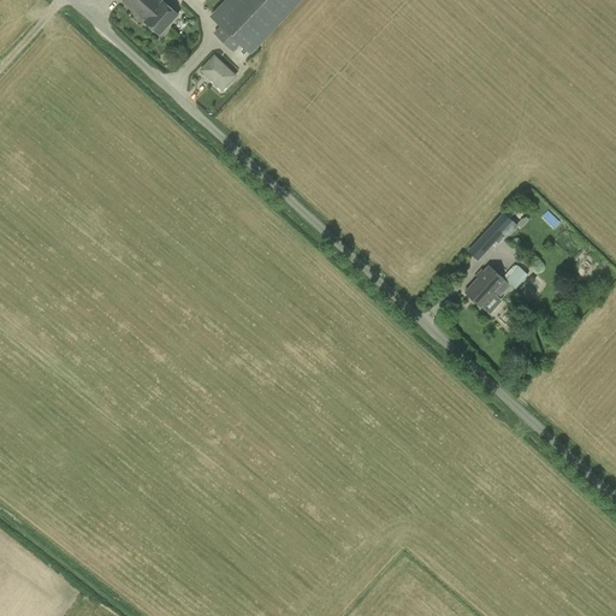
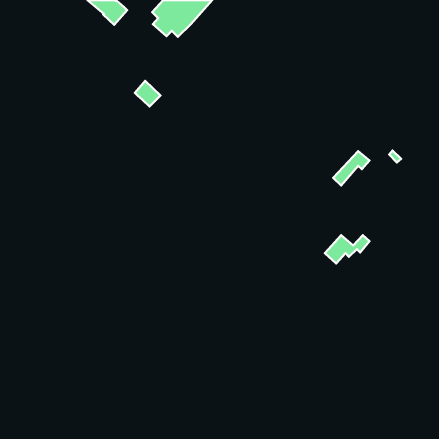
building: [200,55,236,91] -> [135,81,161,107]
building: [466,266,528,306] -> [325,235,370,264]

